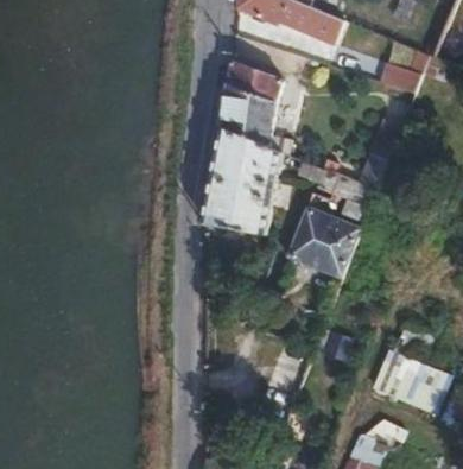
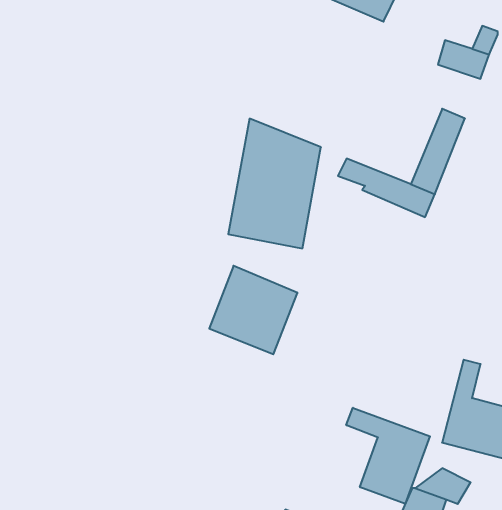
building: [221,61,291,154] -> none
building: [286,204,360,278] -> [209,266,298,354]
building: none -> [346,408,430,504]

